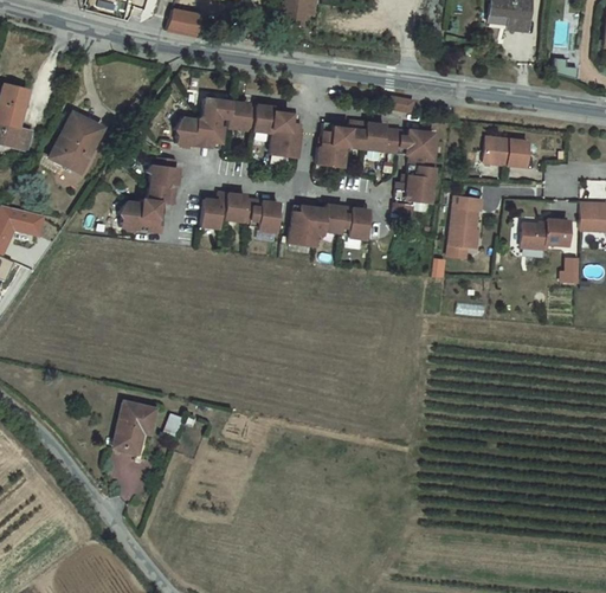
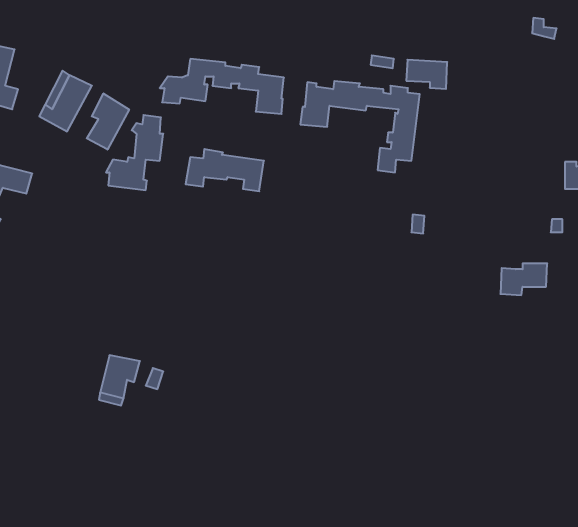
building: none -> [87,93,129,150]
building: [490,142,531,172] -> [406,60,447,89]
building: [449,195,484,250] -> none
building: [289,204,369,246] -> none
building: [523,224,570,256] -> [500,263,547,295]

